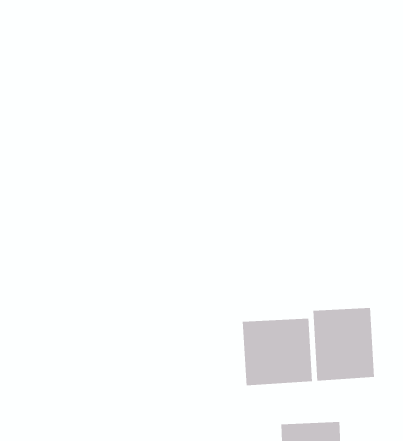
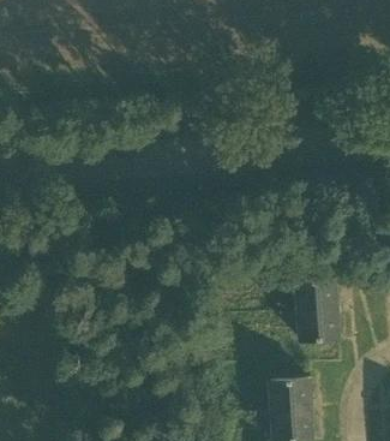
building: [242,318,313,386] -> none

